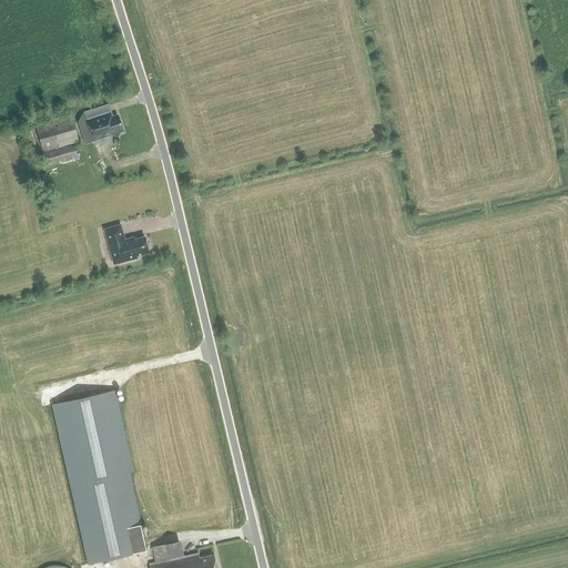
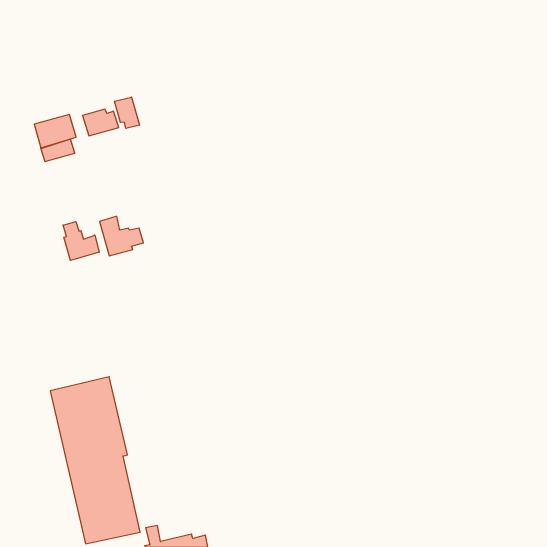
building: none -> [114,97,139,128]
building: none -> [63,222,99,260]

